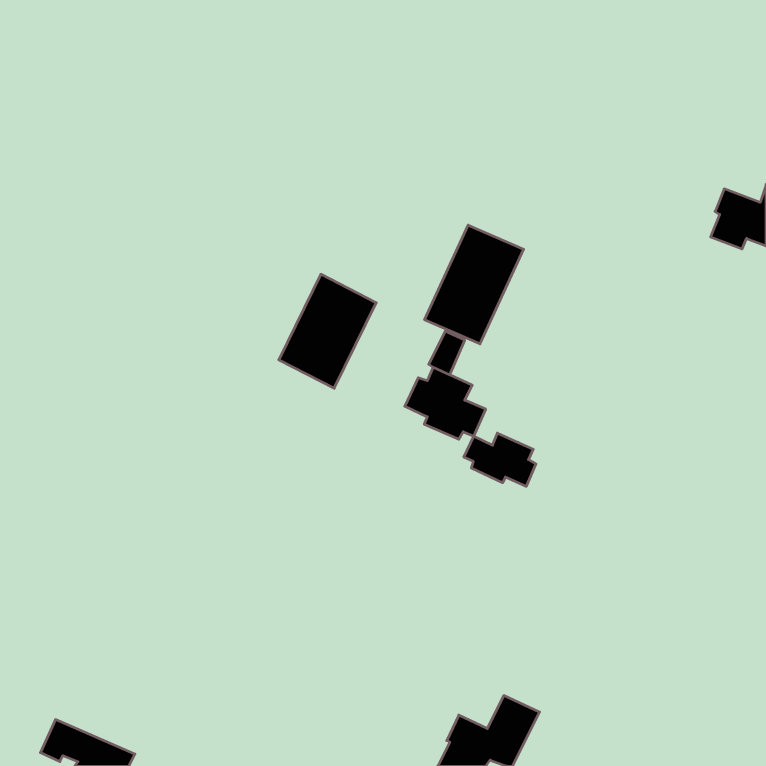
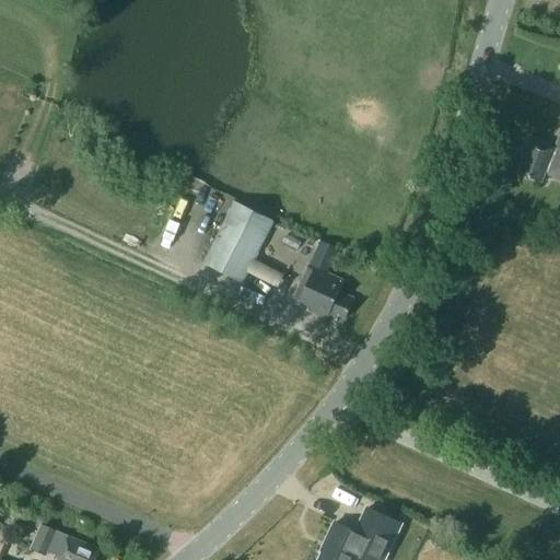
building: [425,225,524,344] -> none
building: [464,433,536,486] -> none

